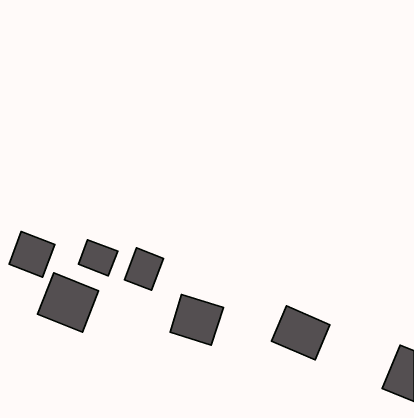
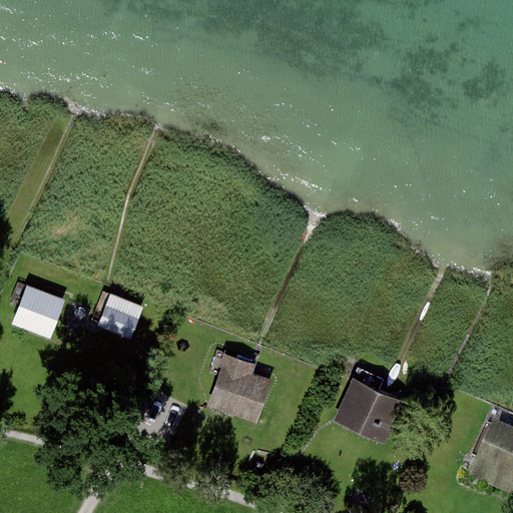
building: [125,248,163,290] -> none
building: [38,273,99,332] -> none

